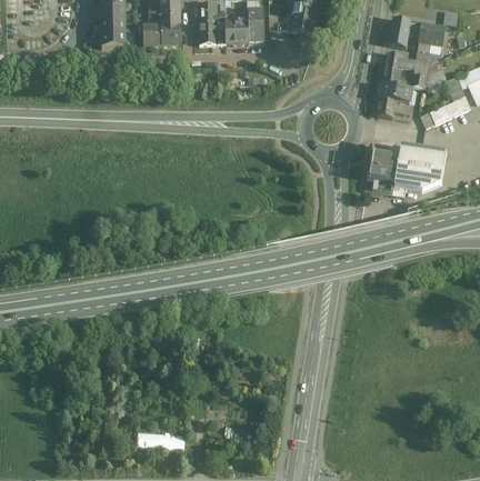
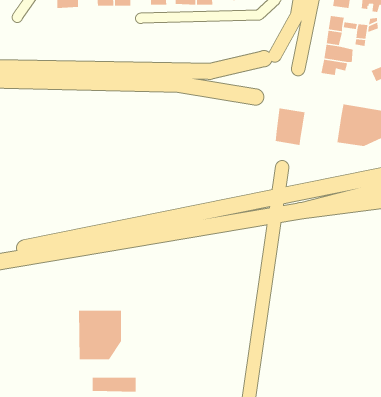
building: [366,154,398,194] -> [275,108,306,146]
building: none -> [78,310,122,360]

